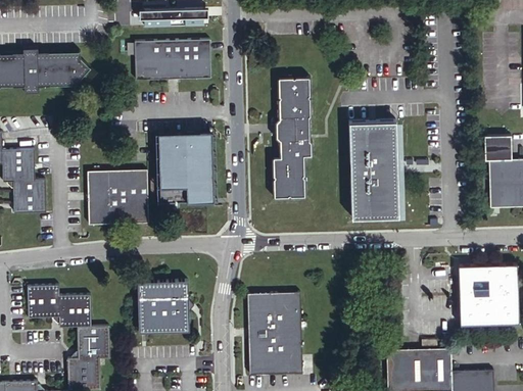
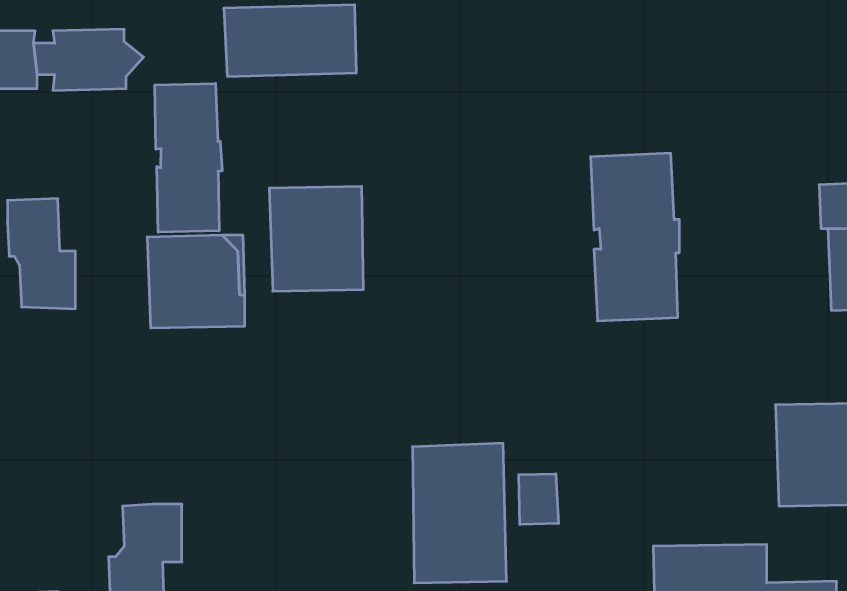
building: [271,75,312,196] -> none
building: none -> [155,83,222,232]
building: [138,281,196,335] -> none
building: [28,284,92,328] -> none
building: none -> [519,474,558,525]

